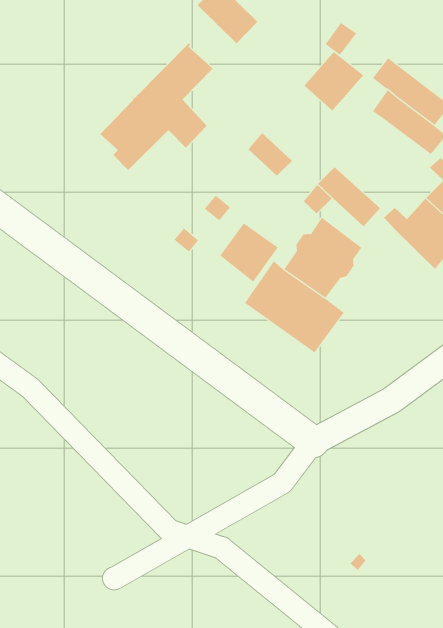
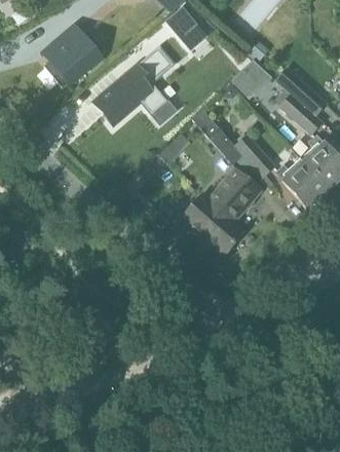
building: none -> [40,23,105,88]
building: [220,222,278,282] -> none

